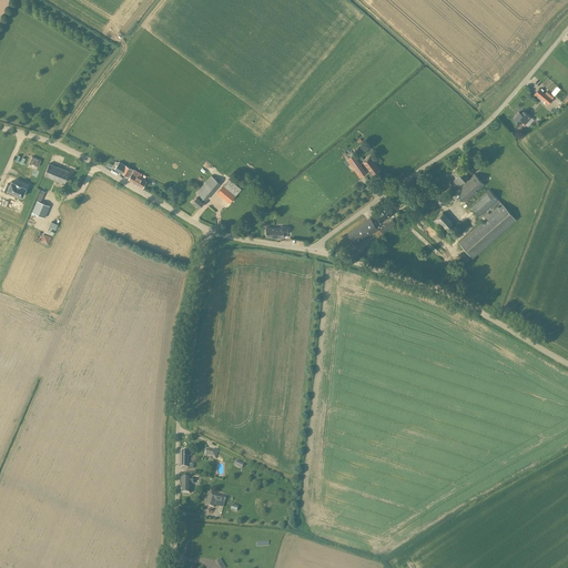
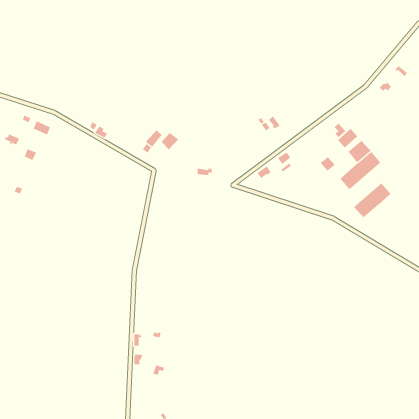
building: none -> [353,182,391,218]

